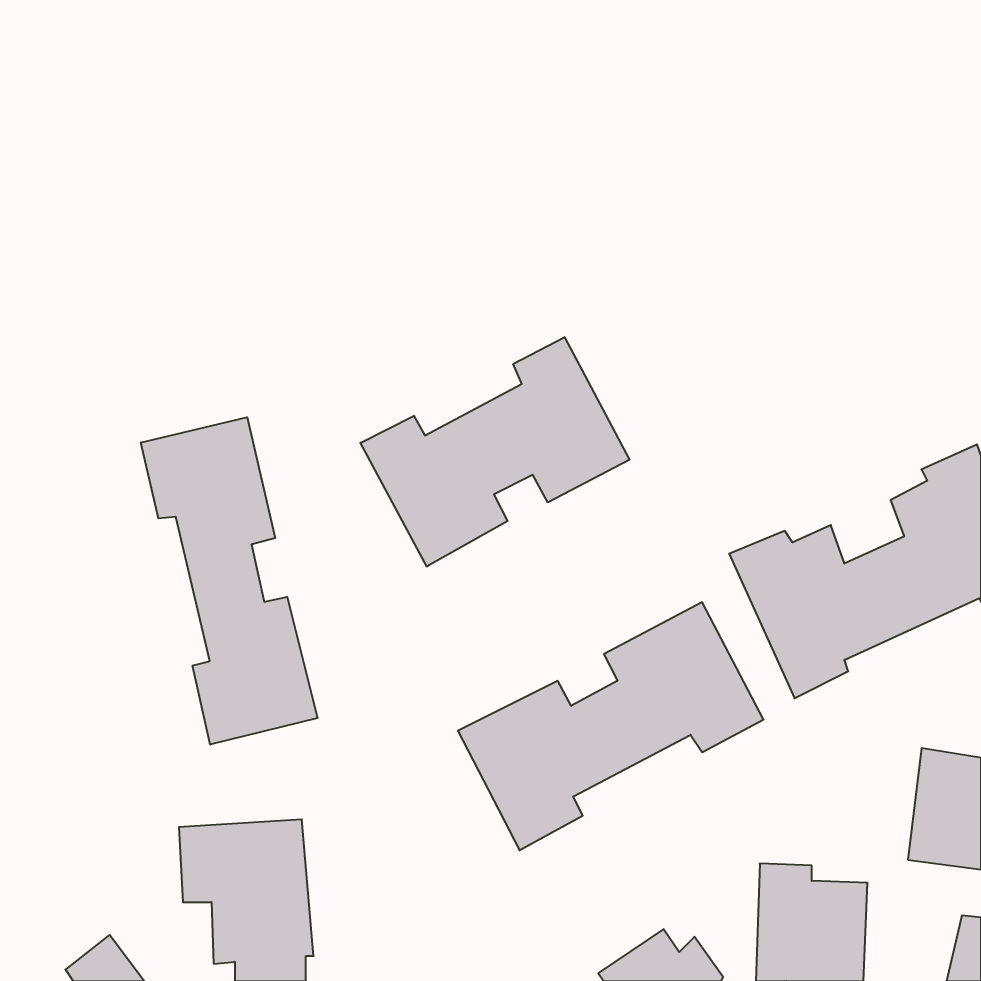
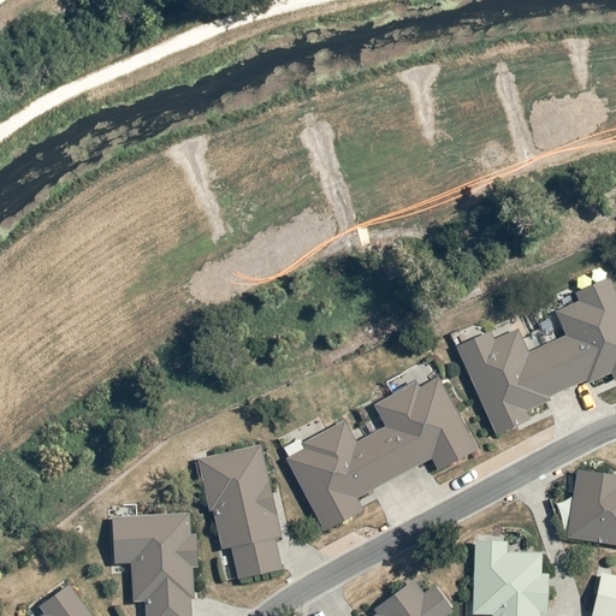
building: [360,337,629,567] -> none
building: [141,417,318,745] -> none
building: none -> [202,444,283,580]

